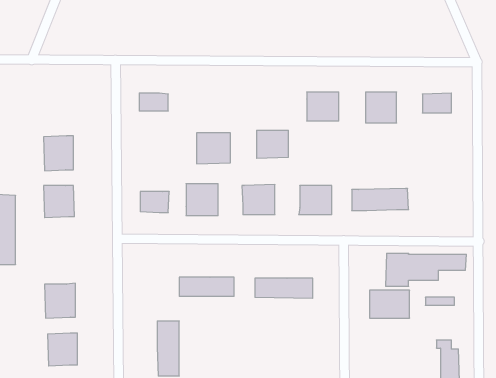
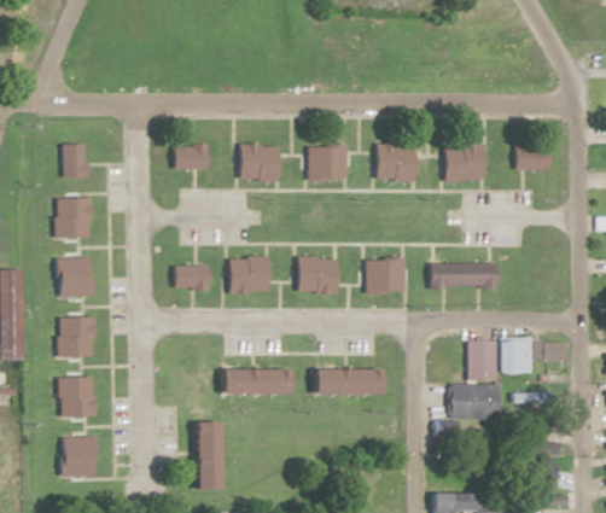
building: none -> [63,144,87,177]
building: [257,130,288,158] -> [309,147,348,181]
building: [197,133,230,164] -> [239,145,280,182]
building: none -> [59,317,93,356]

